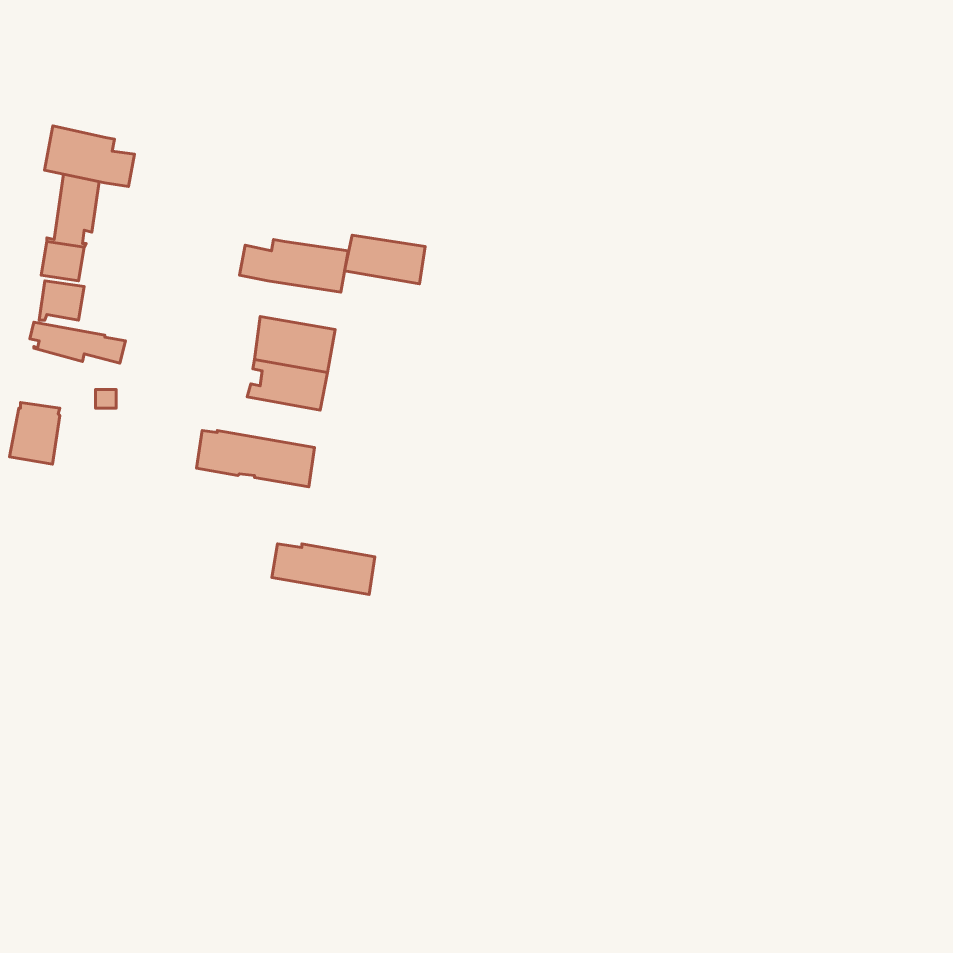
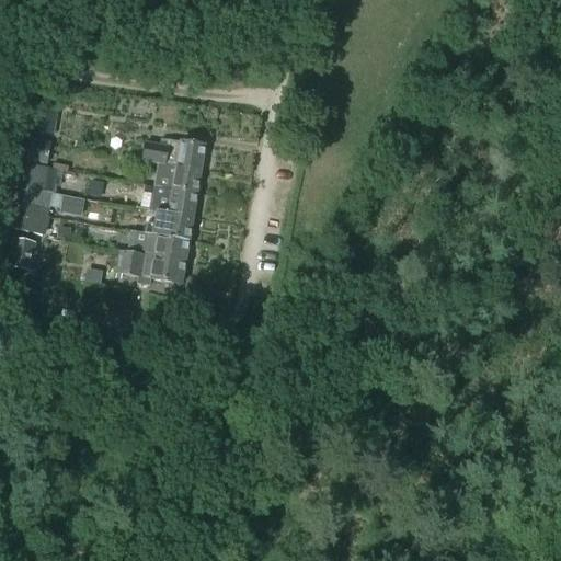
building: [45,126,134,186] -> none
building: [345,235,425,284] -> [154,164,202,193]
building: none -> [15,204,50,237]
building: [272,544,375,594] -> [129,232,190,262]

